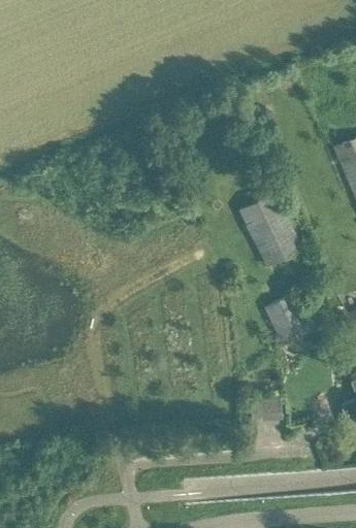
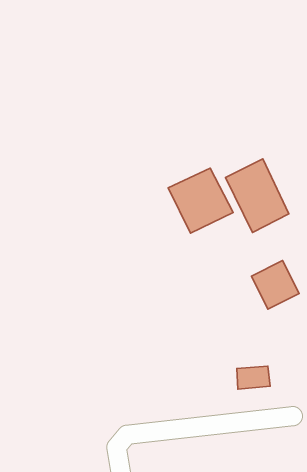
building: none -> [168,168,233,233]

